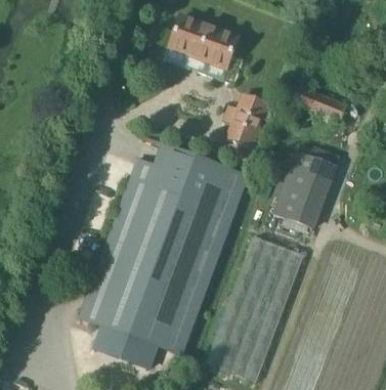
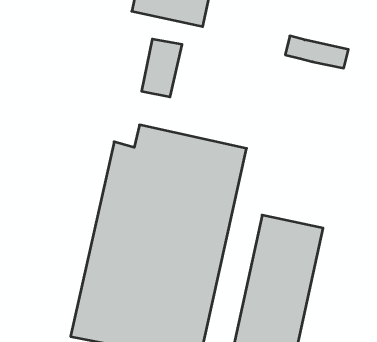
building: [228,94,268,145] -> [142,39,182,97]
building: [273,151,336,227] -> none

